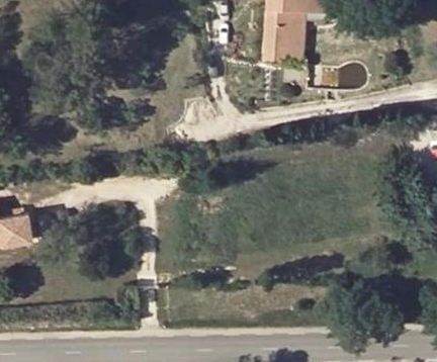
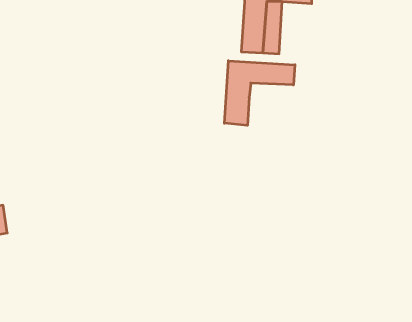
building: none -> [224,61,295,125]

